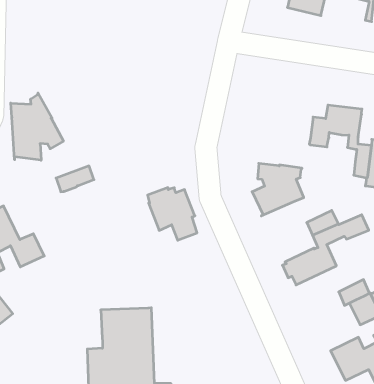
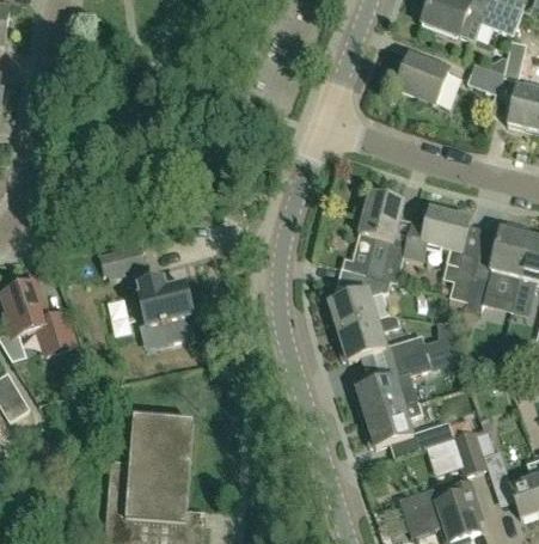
building: [11,93,63,160] -> none
building: none -> [360,191,405,280]
building: [148,188,197,240] -> [139,277,191,341]
building: none -> [336,313,399,359]
building: none -> [365,398,422,445]

